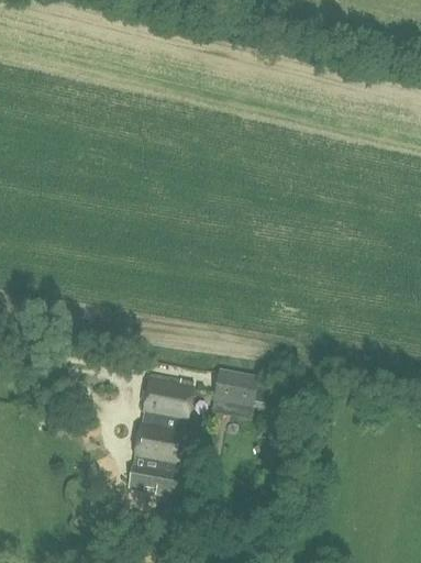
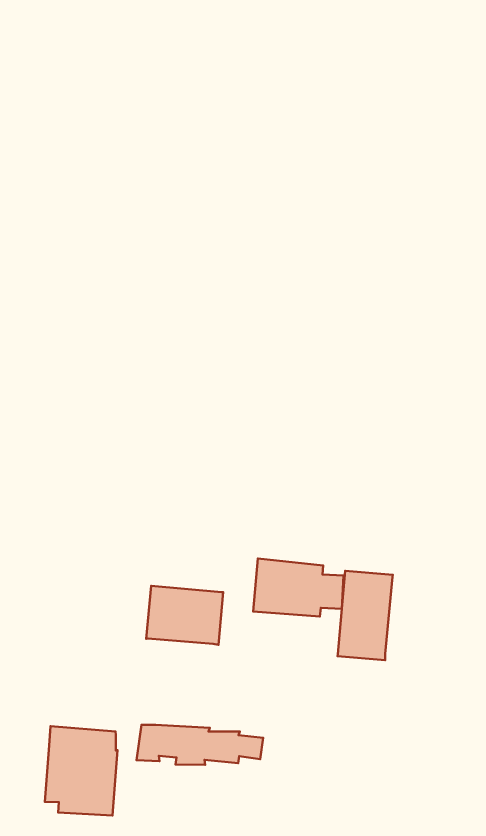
building: none -> [337,571,393,660]
building: [134,415,184,475] -> [45,726,118,815]

